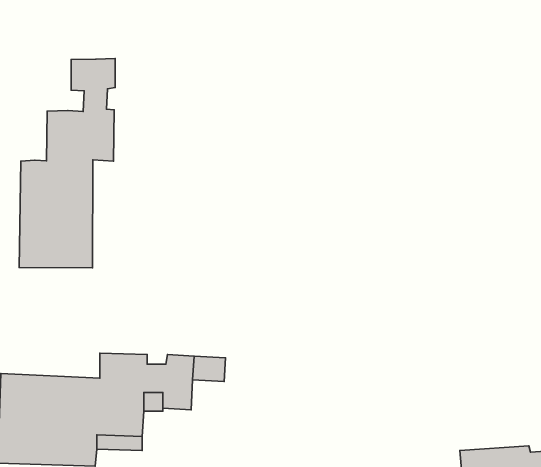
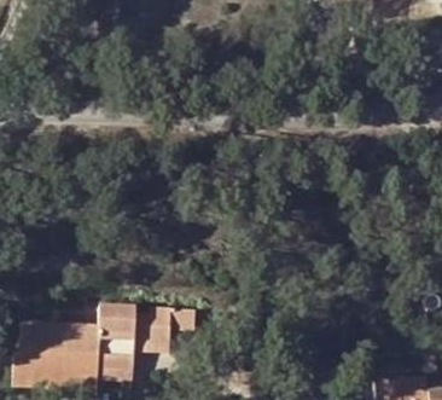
building: [19,58,115,268] -> none

